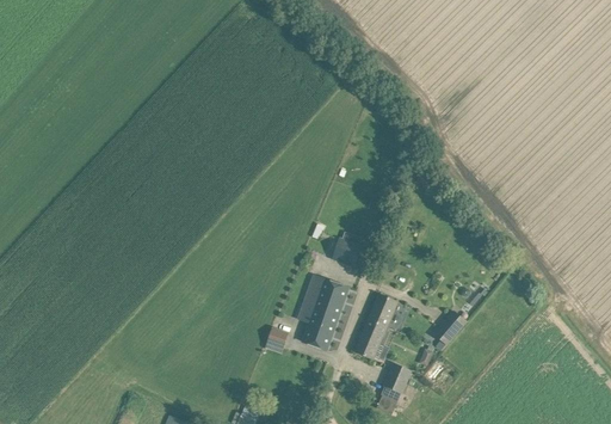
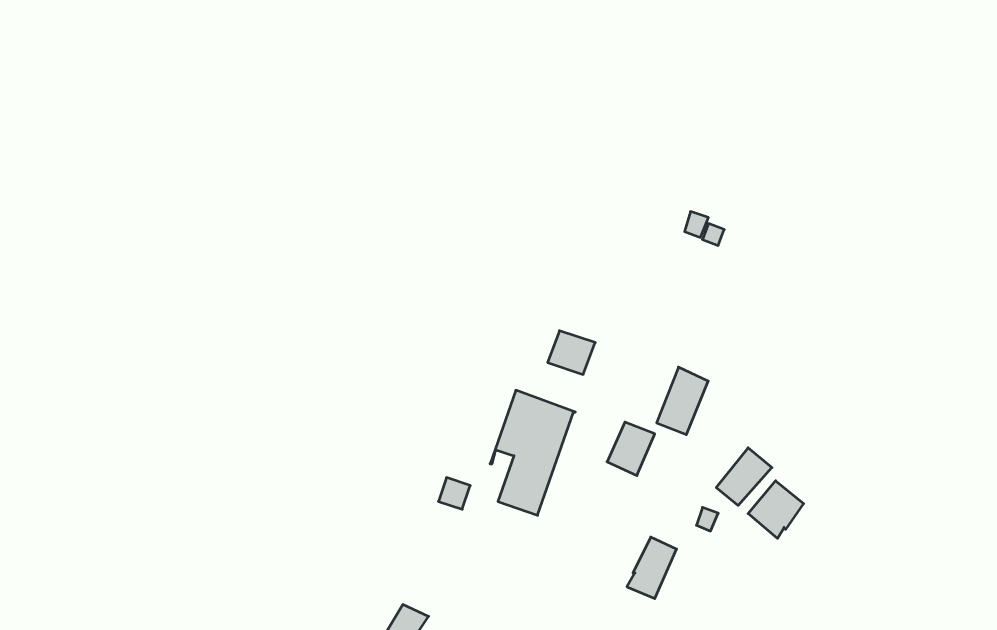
building: [357,319,388,360] -> [657,367,708,435]
building: none -> [748,481,804,538]

